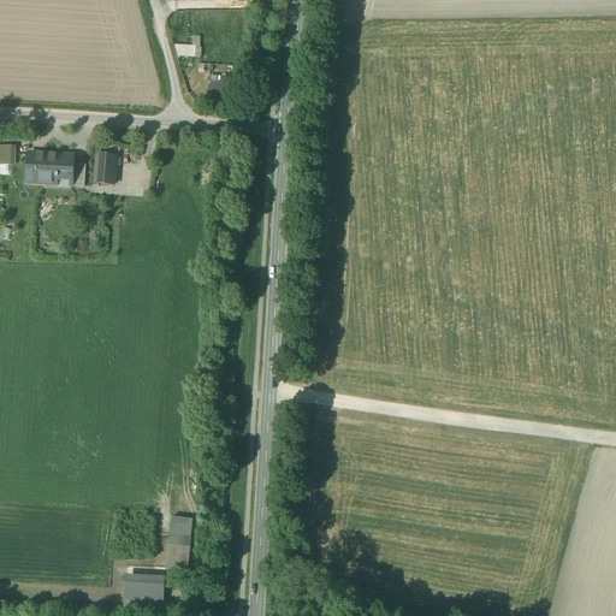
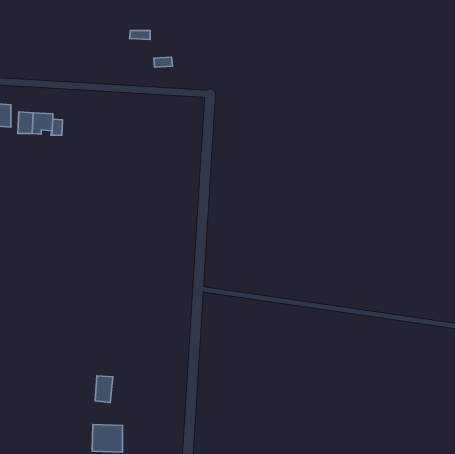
building: [93,150,114,180] -> none
building: [165,531,189,567] -> [95,376,113,403]

